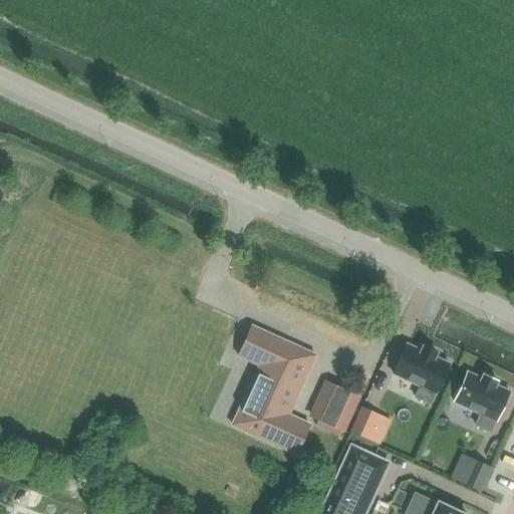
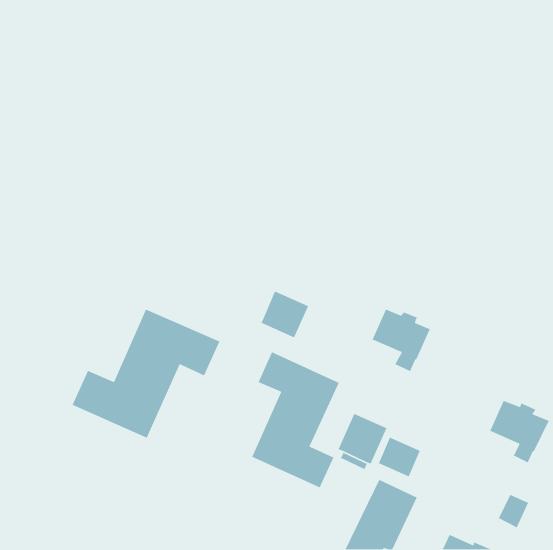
building: none -> [260,290,309,338]
building: none -> [72,308,221,439]
building: [394,343,449,403] -> [371,308,431,372]

